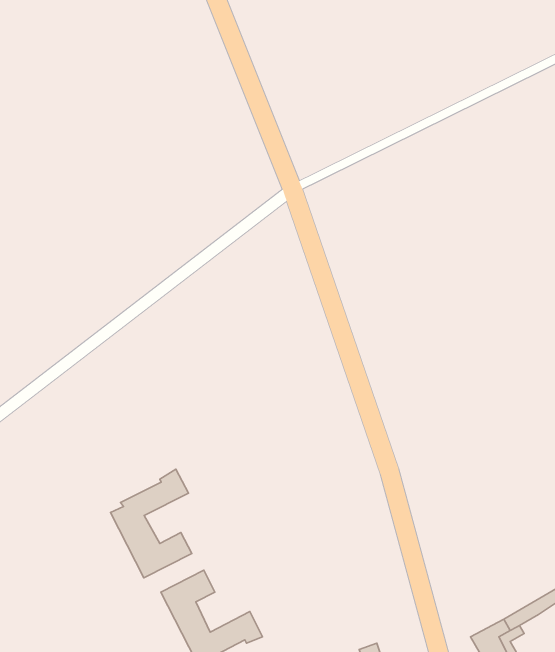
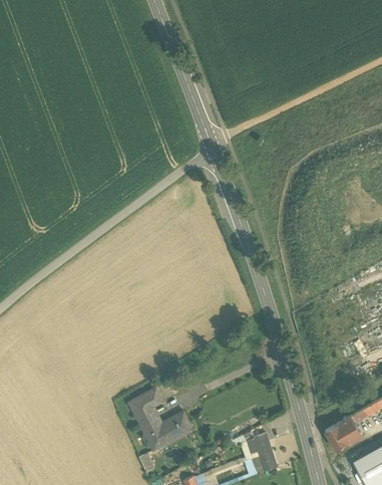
building: [111,469,192,578] -> none

